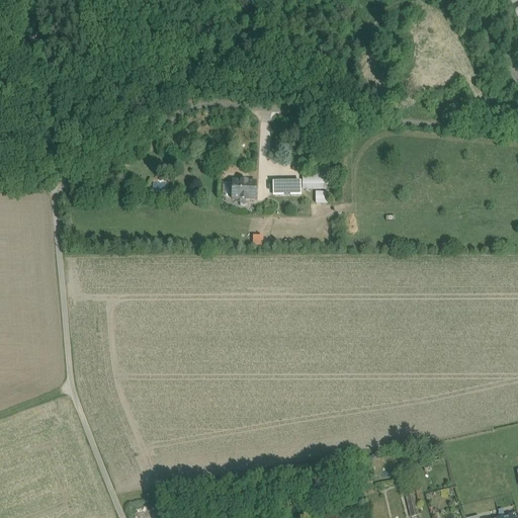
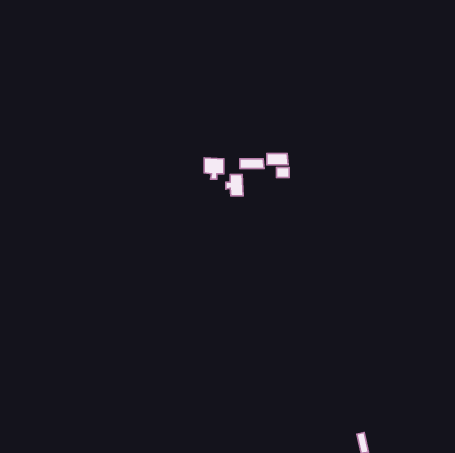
building: none -> [226,175,243,196]

